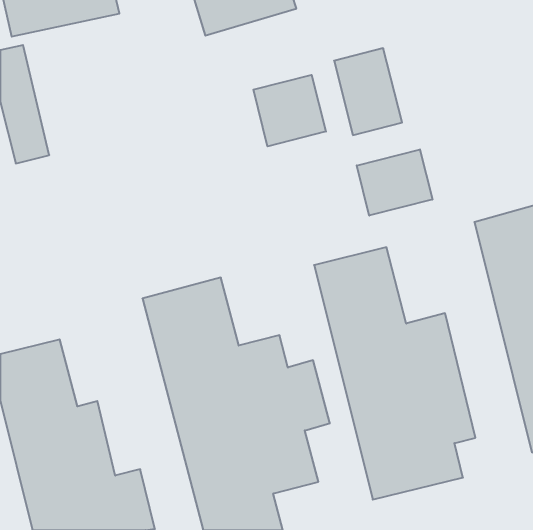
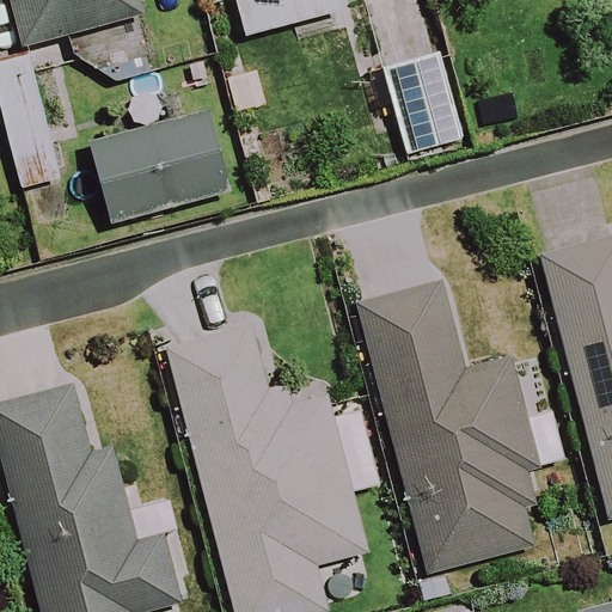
building: [253,75,326,146] -> none
building: none -> [91,111,232,222]
building: [357,149,432,216] -> none

